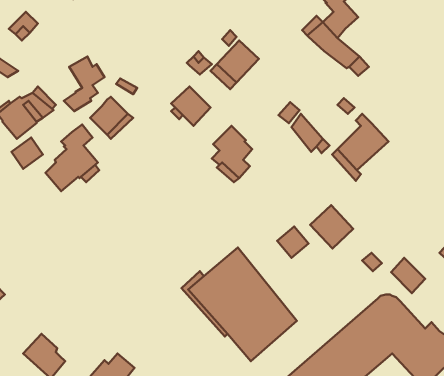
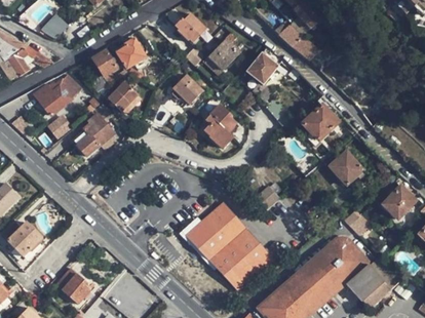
building: none -> [175,13,205,42]
building: none -> [117,38,146,69]
building: none -> [246,46,283,84]
building: [310,205,353,248] -> [330,151,363,185]

